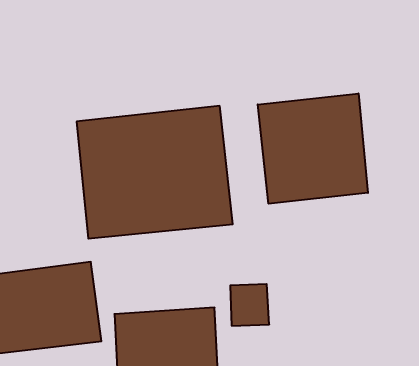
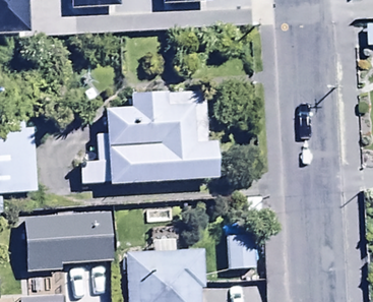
building: [258,93,368,204] -> none

